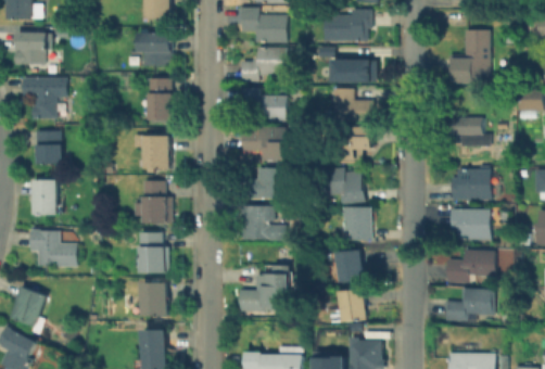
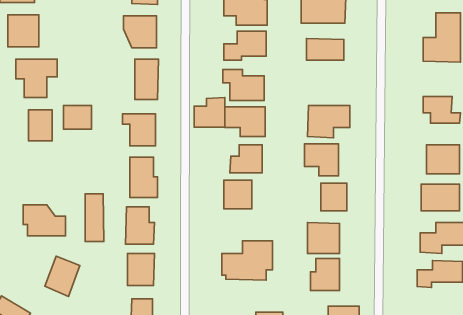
building: [332,89,372,123] -> none
building: none -> [194,97,225,127]
building: none -> [63,105,91,129]
building: [31,180,56,215] -> none
building: none -> [85,194,104,242]
building: [11,285,48,328] -> [45,256,80,296]

